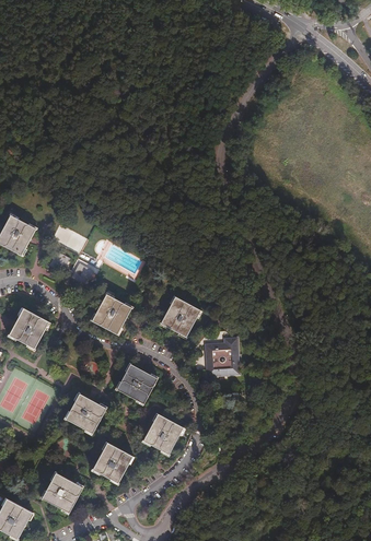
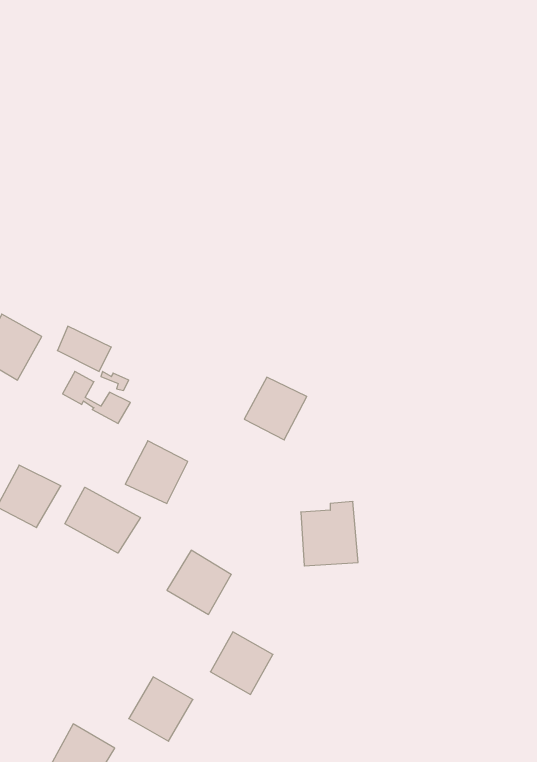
building: [159,295,198,334] -> [244,377,307,440]
building: none -> [65,487,140,553]
building: [66,393,106,433] -> none

